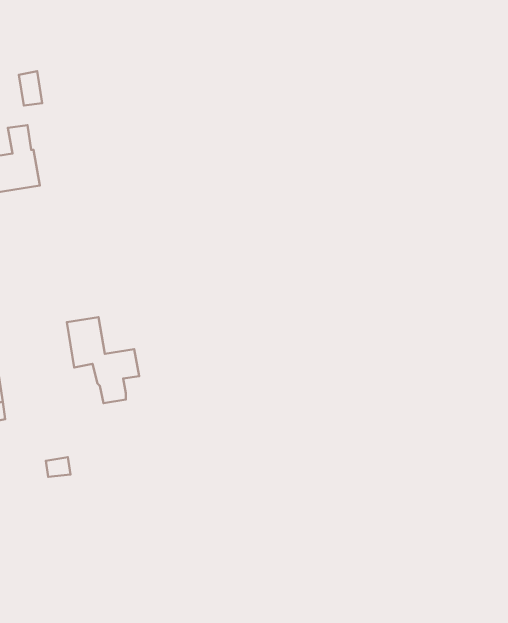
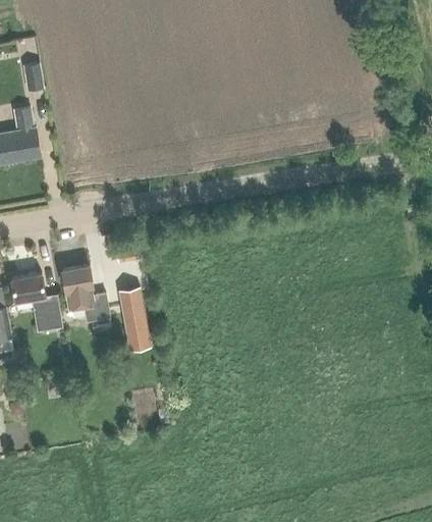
building: none -> [12,274,61,330]
building: none -> [122,288,147,338]

